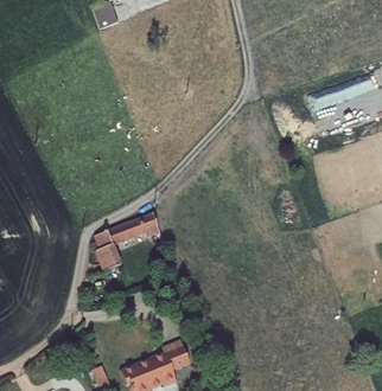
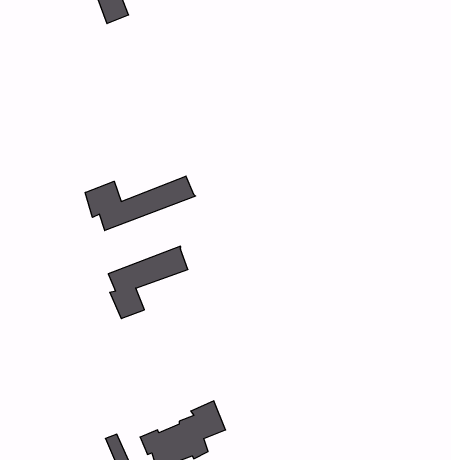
building: none -> [85,176,196,231]

